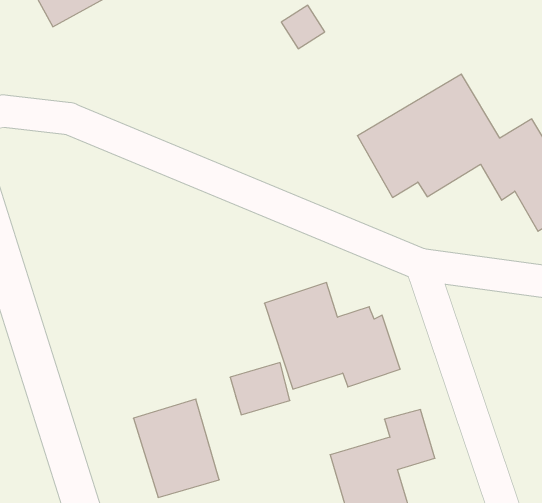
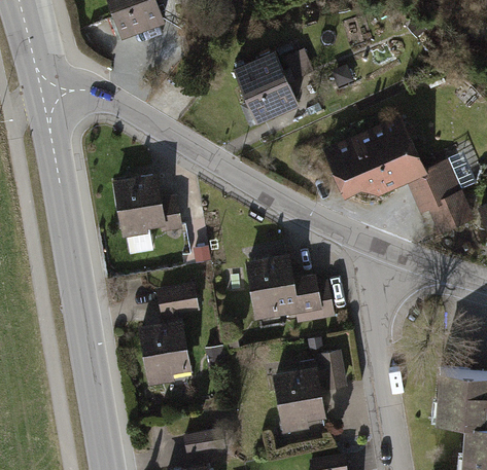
building: none -> [233,50,298,122]
building: none -> [112,170,185,256]
building: [230,363,290,415] -> [158,284,198,317]

